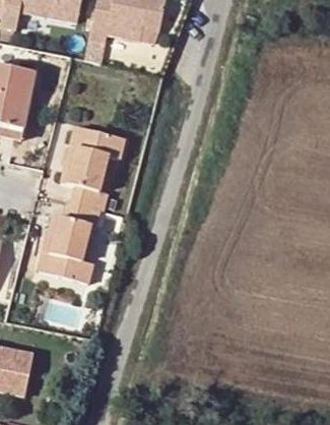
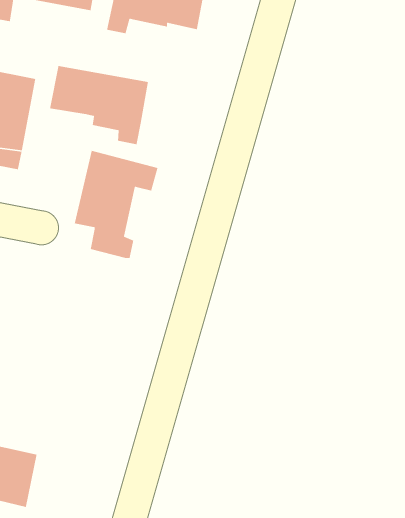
building: none -> [49,65,149,145]
building: [42,200,101,283] -> none

